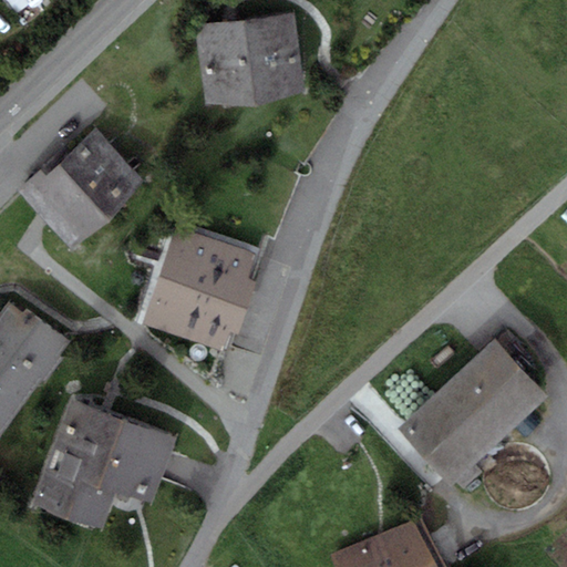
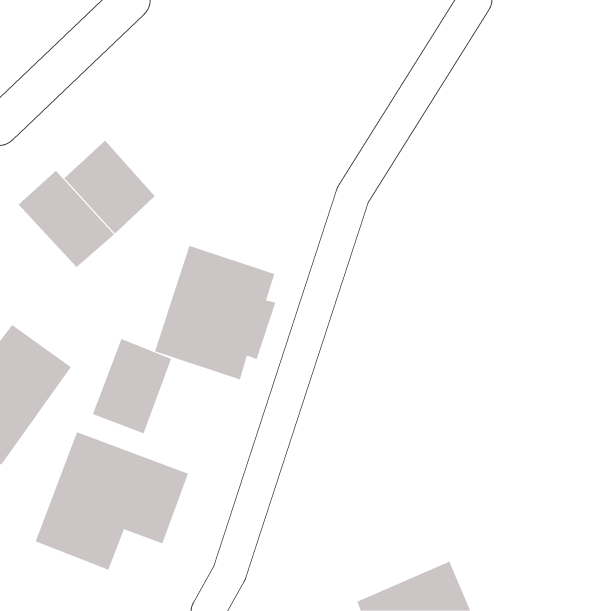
building: [194,12,302,107] -> none
building: none -> [92,338,172,434]
building: [398,339,547,486] -> none

